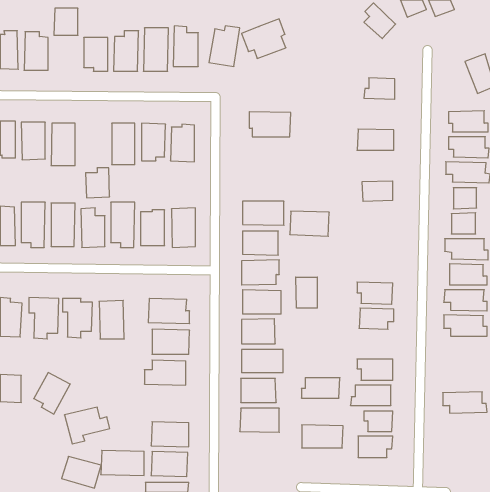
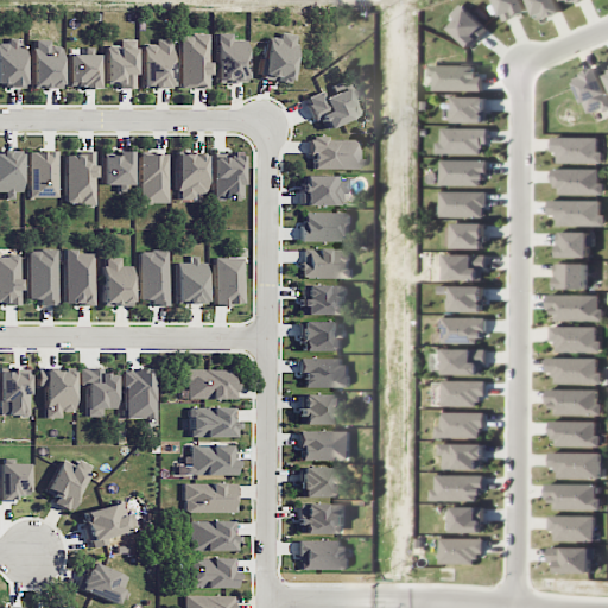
building: [54,8,78,35] -> [69,53,99,87]
building: [242,19,286,58] -> [305,80,360,128]
building: none -> [435,64,483,90]
building: none -> [439,128,490,154]
building: none -> [300,176,348,205]
building: none -> [442,191,489,217]
building: [86,168,110,198] -> [102,151,132,188]
building: none -> [449,254,488,280]
building: [290,211,329,236] -> [302,211,350,242]
building: none -> [451,285,486,311]
building: none -> [445,317,489,342]
building: [296,277,317,308] -> none
building: none -> [555,420,602,446]
building: none -> [553,451,602,479]
building: [301,378,340,398] -> [439,412,487,437]
building: none -> [552,515,597,540]
building: [302,425,343,448] -> [299,540,350,569]
building: none -> [552,546,593,572]
building: [101,450,144,475] -> [183,482,236,513]

